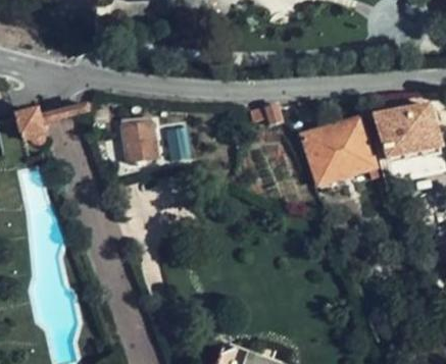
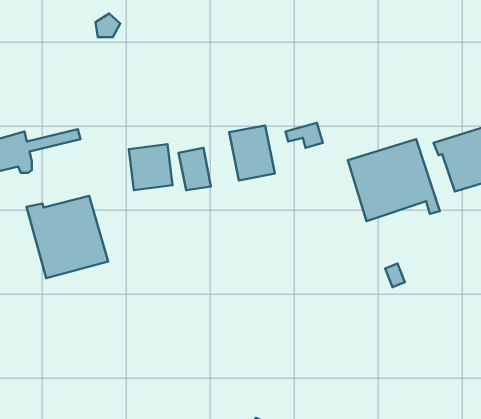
building: none -> [229,125,275,180]
building: none -> [27,196,108,278]

